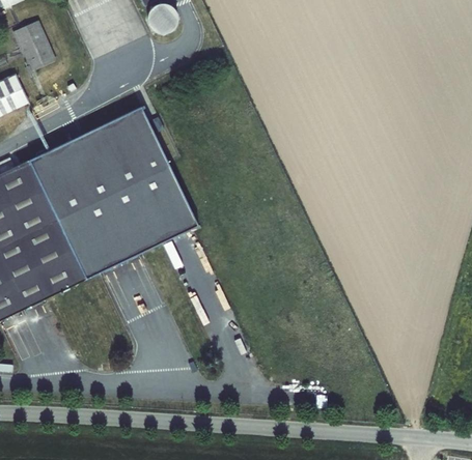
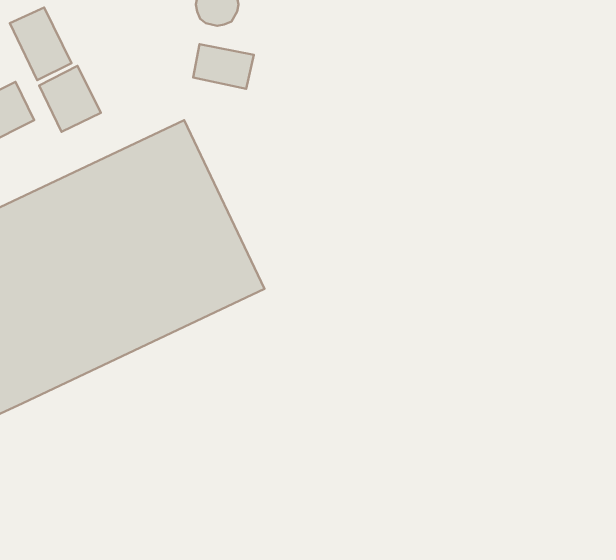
building: none -> [193,44,254,89]
building: none -> [39,66,101,132]

